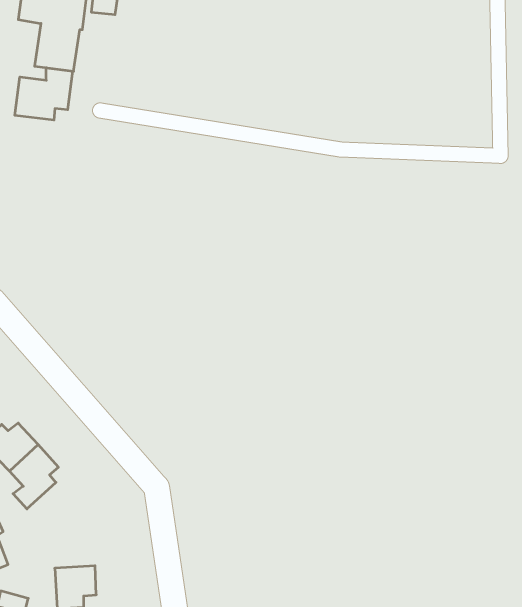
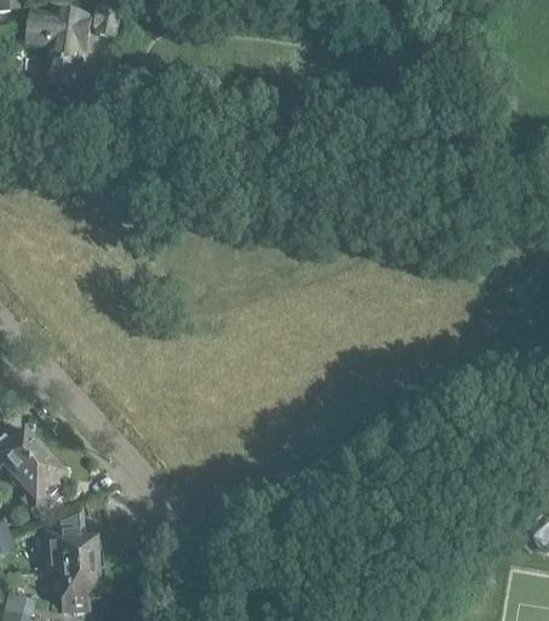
building: [15,68,72,120] -> none
building: none -> [44,507,98,569]

